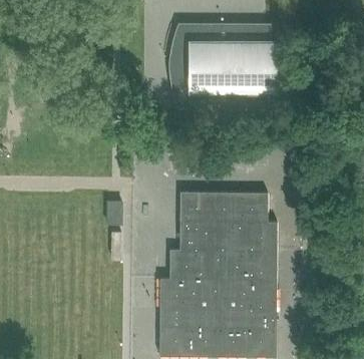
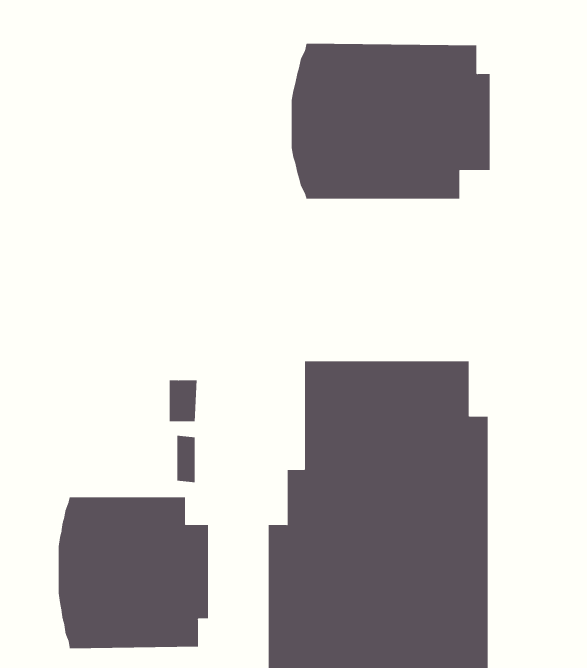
building: none -> [58,496,208,649]

